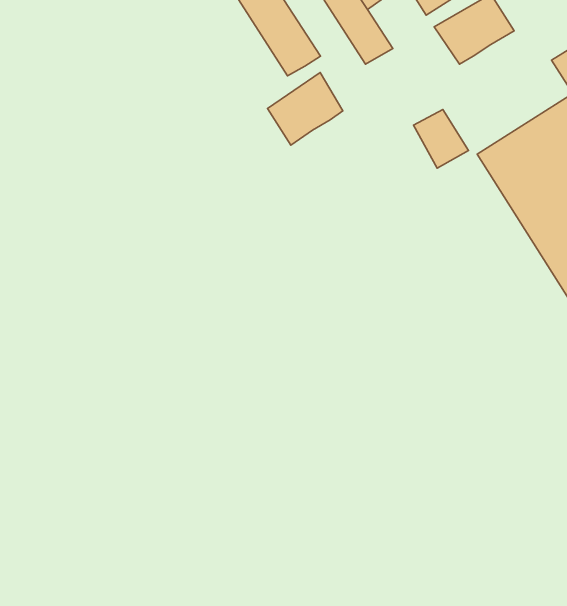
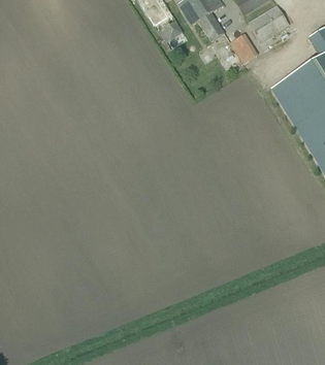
building: [268,72,343,145] -> none
building: [414,109,468,168] -> [229,32,258,63]

